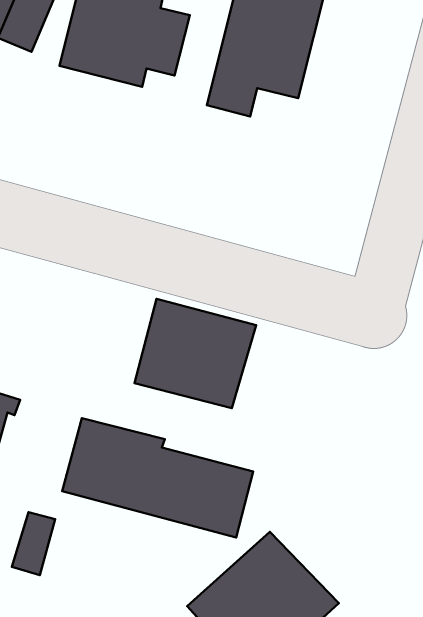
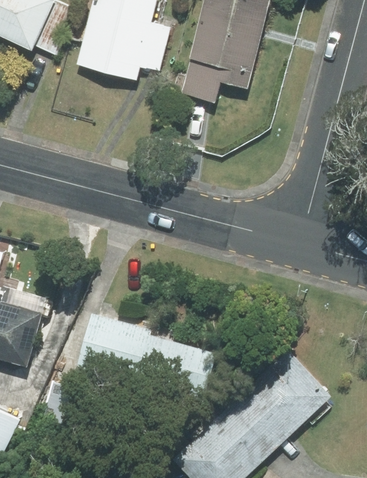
building: [135,299,256,408] -> none
building: none -> [227,345,330,447]

